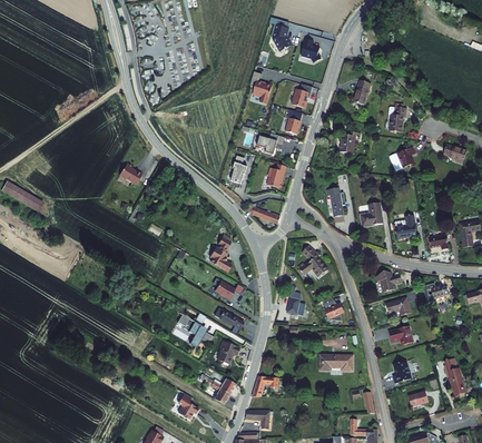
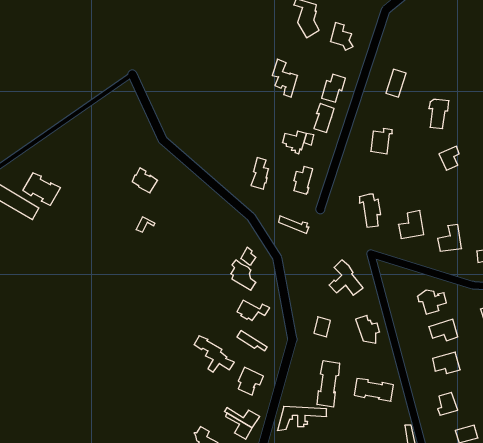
building: none -> [23,173,60,205]
building: none -> [317,361,339,407]

